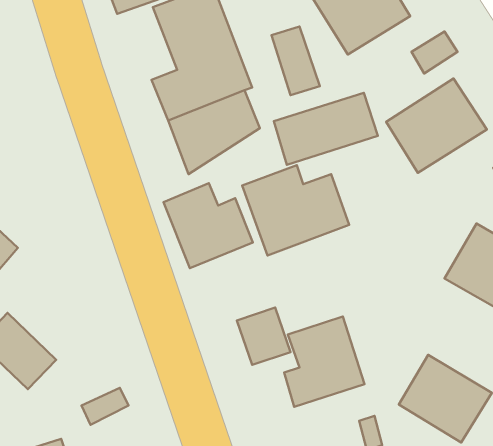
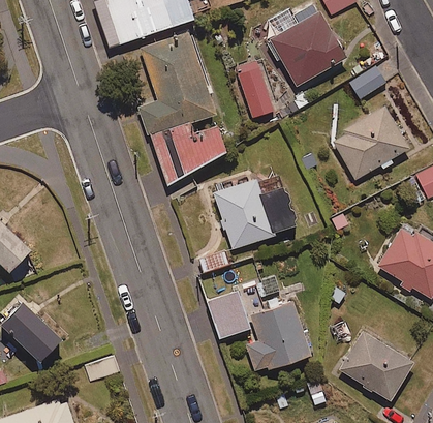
building: [274,93,378,165] -> none
building: [164,183,253,268] -> none

